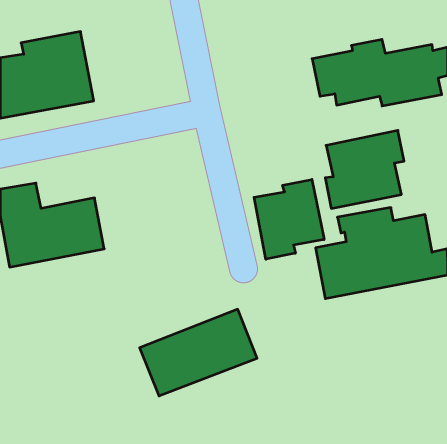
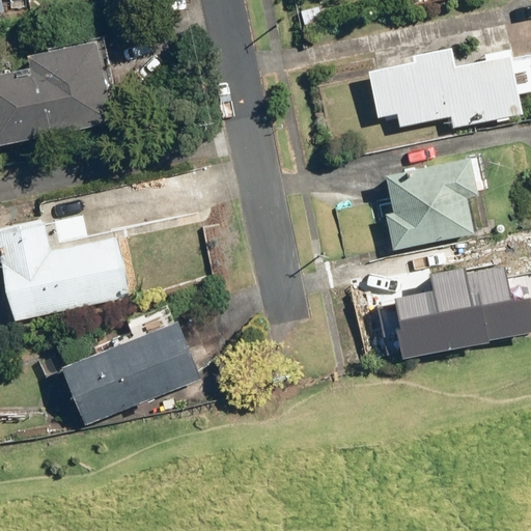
building: [254,179,324,259] -> none
building: [140,309,257,396] -> [60,322,199,424]

